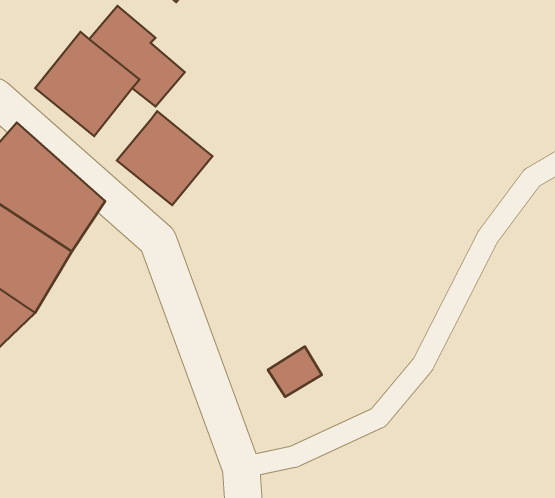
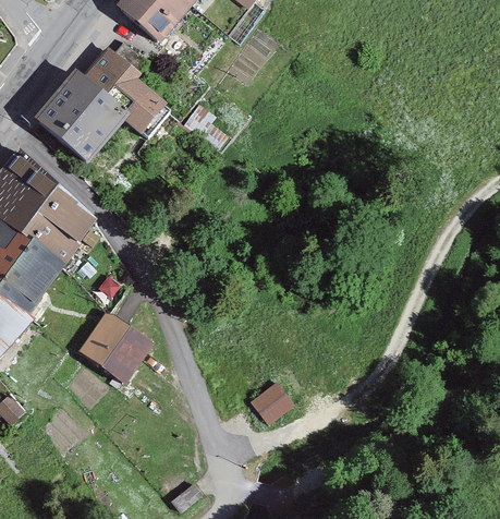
building: [117,111,212,205] -> none
building: none -> [75,310,154,387]
building: [268,347,322,397] -> [253,385,301,430]

